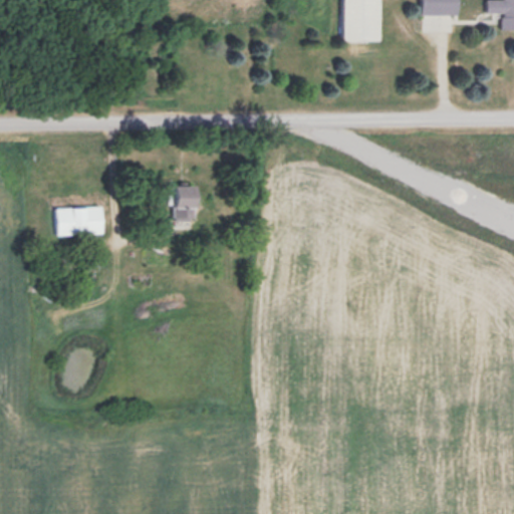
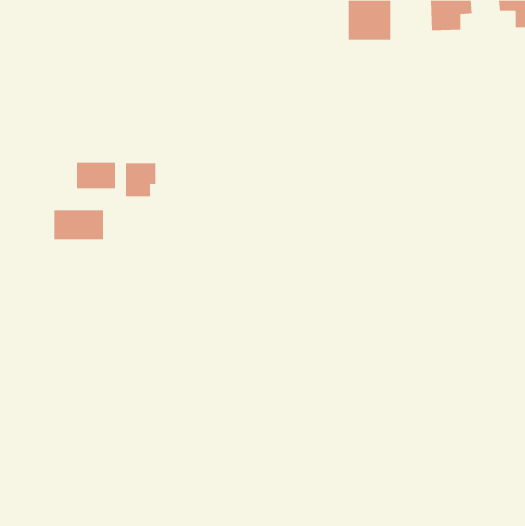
building: none -> [76,162,116,189]
building: [171,186,201,219] -> [125,163,156,197]

